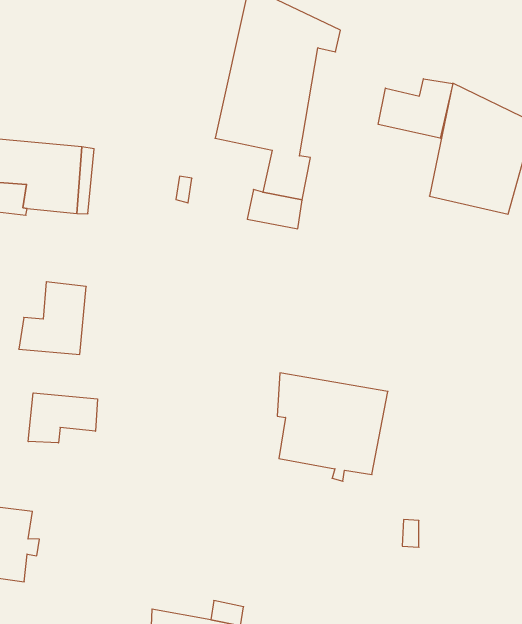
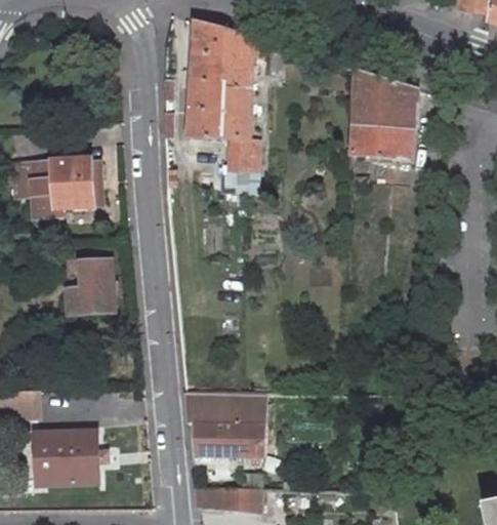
building: [378,79,453,138] -> none
building: [277,373,388,481] -> [184,392,265,463]
building: [28,393,97,443] -> none

